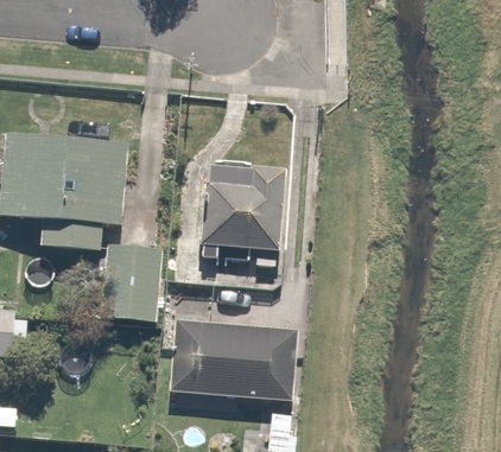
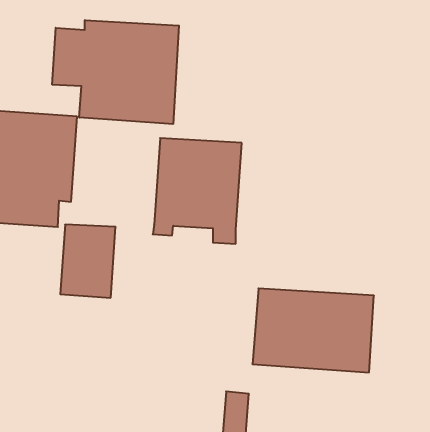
building: none -> [52,20,179,124]
building: [172,319,292,402] -> [252,288,374,372]

